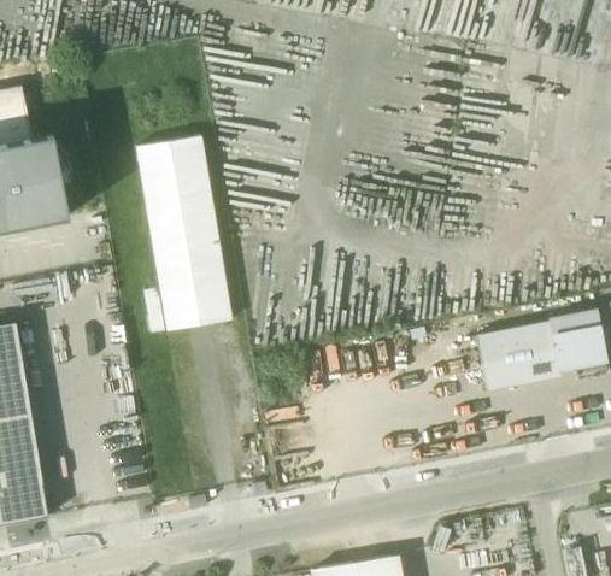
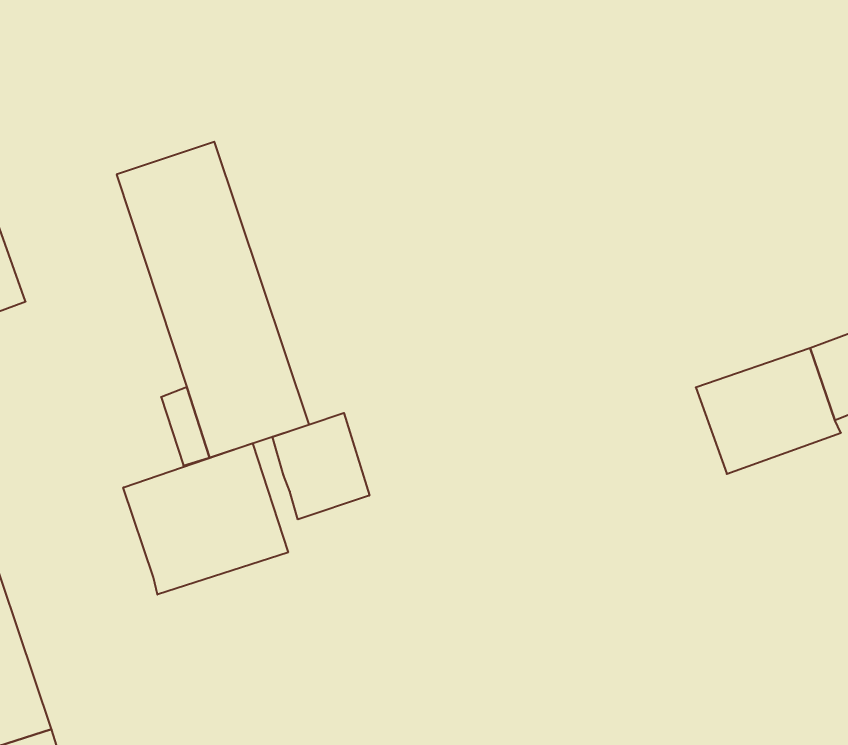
building: none -> [272,413,369,519]
building: none -> [123,443,288,595]

